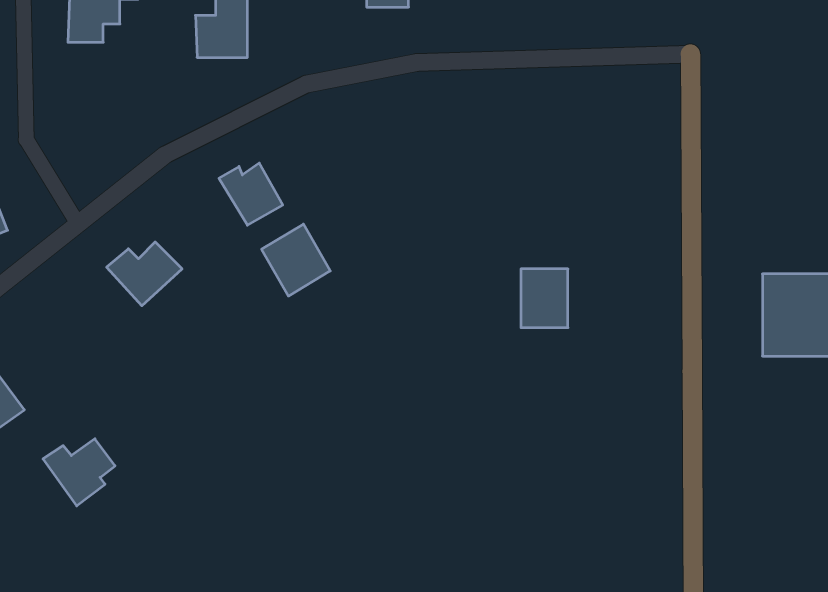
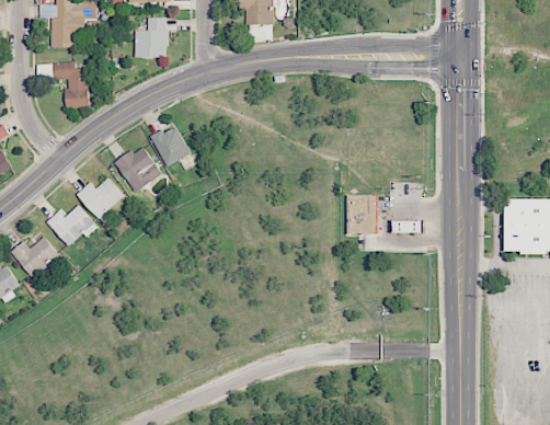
building: none -> [36,61,89,107]
building: [262,224,330,296] -> [116,145,161,192]
building: none -> [46,205,99,246]
building: [43,439,115,506] -> [11,237,58,280]

